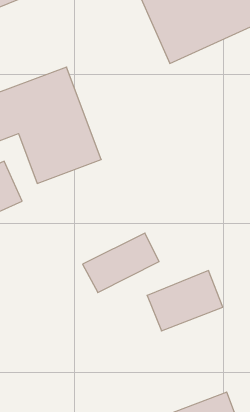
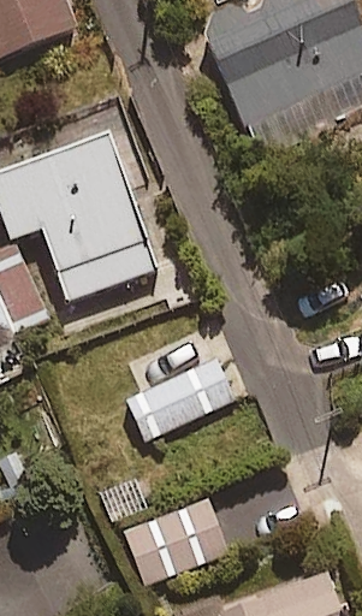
building: [147,271,223,331] -> [124,502,226,584]

